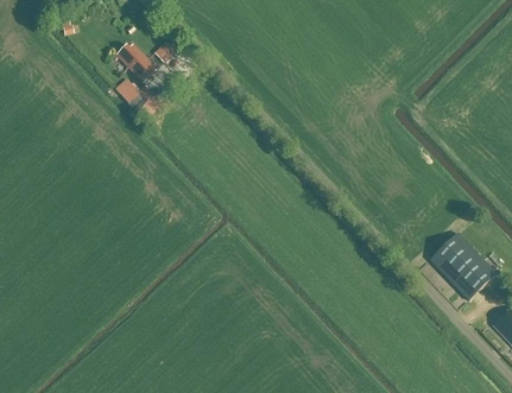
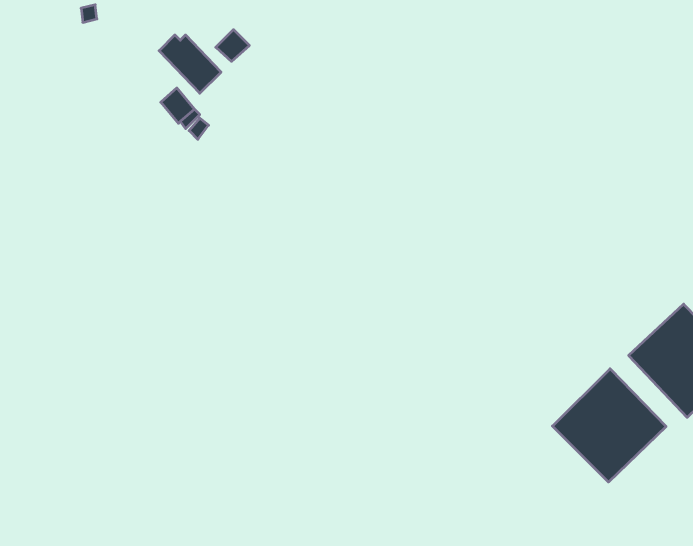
building: none -> [552,369,666,482]

